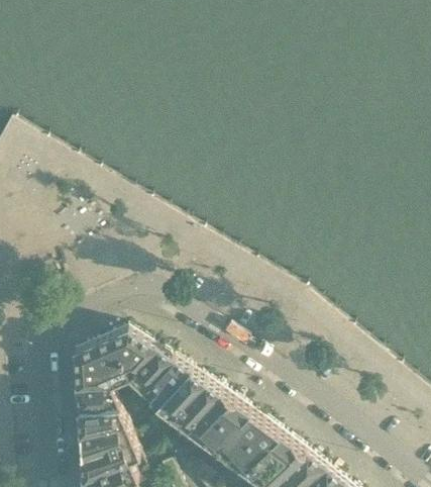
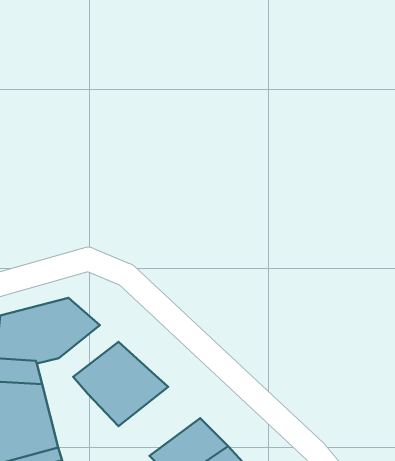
building: [120,349,167,394] -> none
building: [178,390,243,449] -> none

